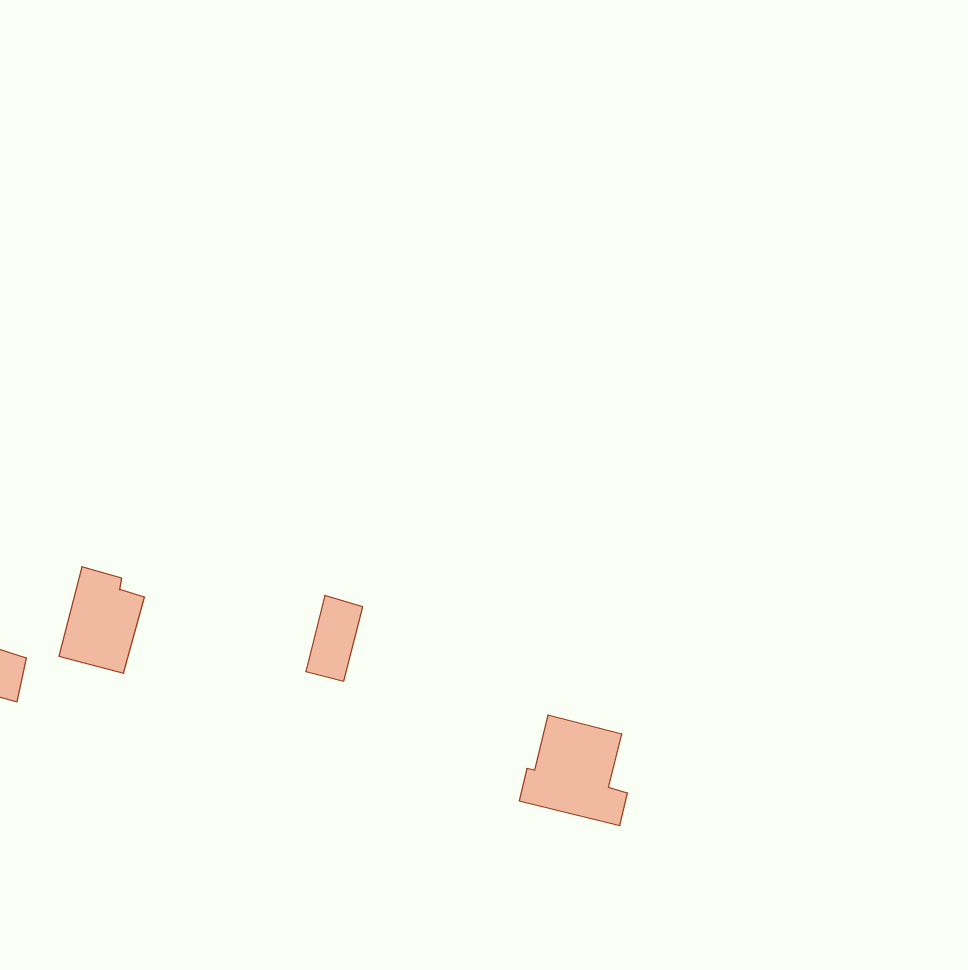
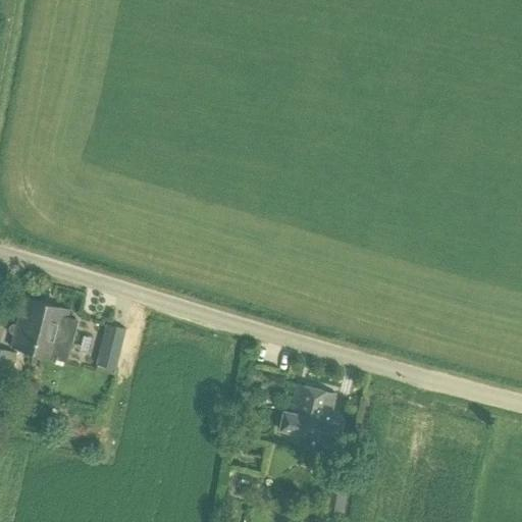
building: none -> [7,299,44,352]
building: [306,595,363,681] -> [95,323,125,369]

